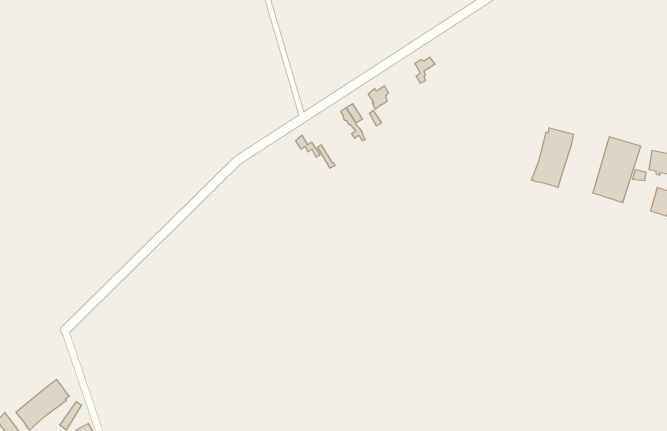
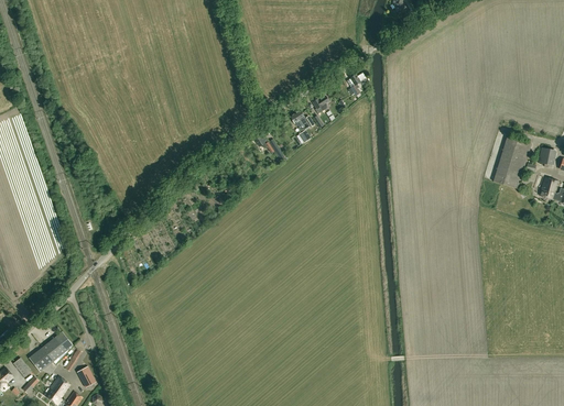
building: [532,128,573,188] -> none

